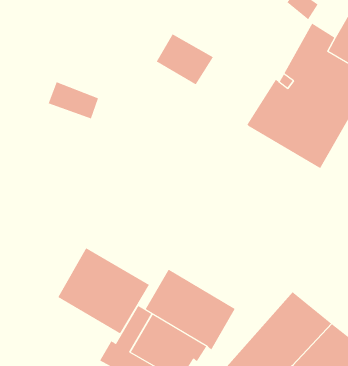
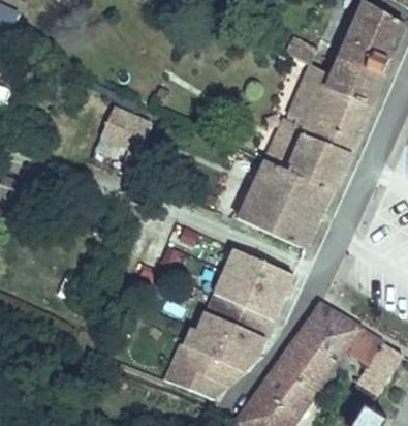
building: [156,33,214,85] -> [101,108,151,150]
building: none -> [239,160,333,248]
building: [58,248,150,334] -> [215,248,293,320]

